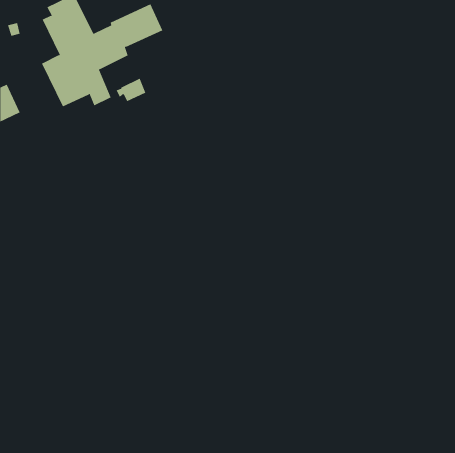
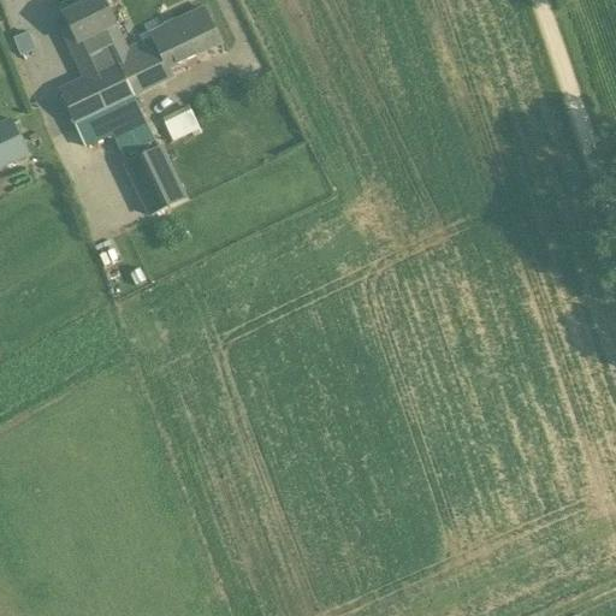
building: none -> [124,143,184,213]

